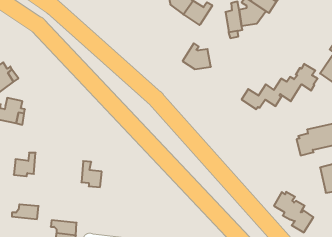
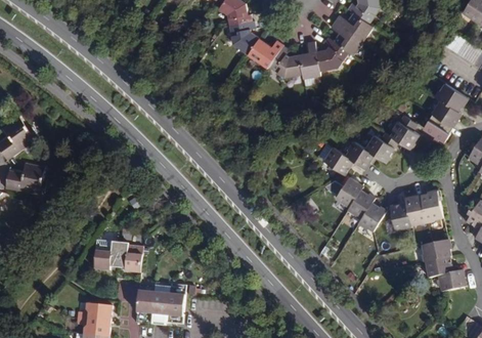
building: [183,43,211,69] -> [268,44,304,77]
building: [14,153,36,176] -> [92,240,120,269]
building: [274,192,313,232] -> [334,181,384,233]
building: none -> [136,281,187,324]
building: [12,204,39,219] -> [80,299,114,318]

